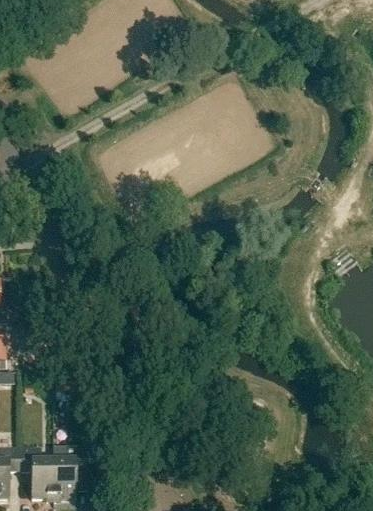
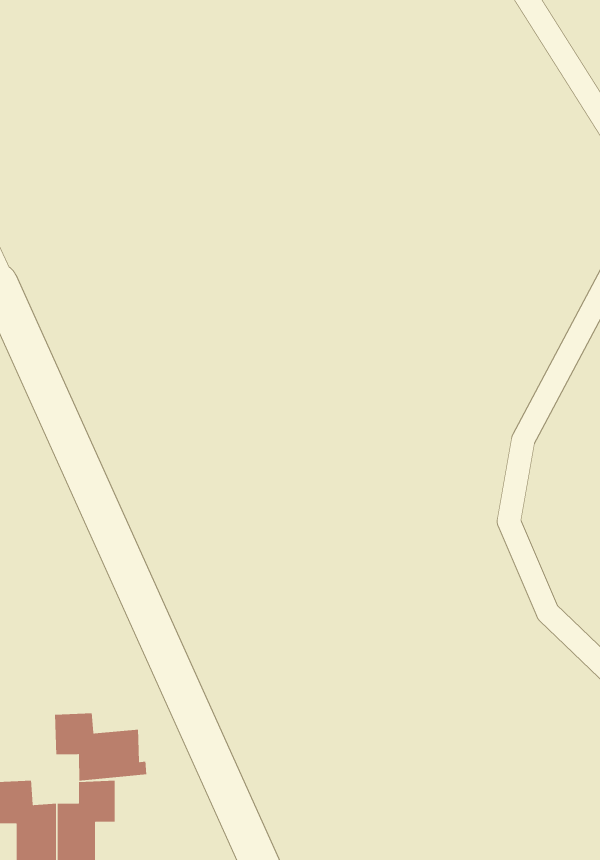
building: none -> [54,713,147,782]

